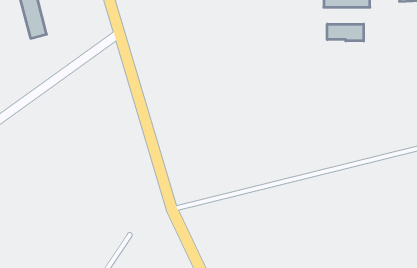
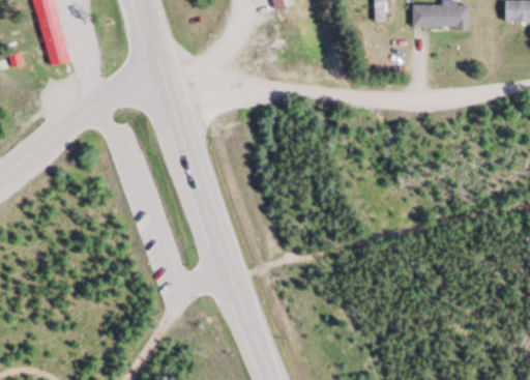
building: [327,24,364,41] -> none

